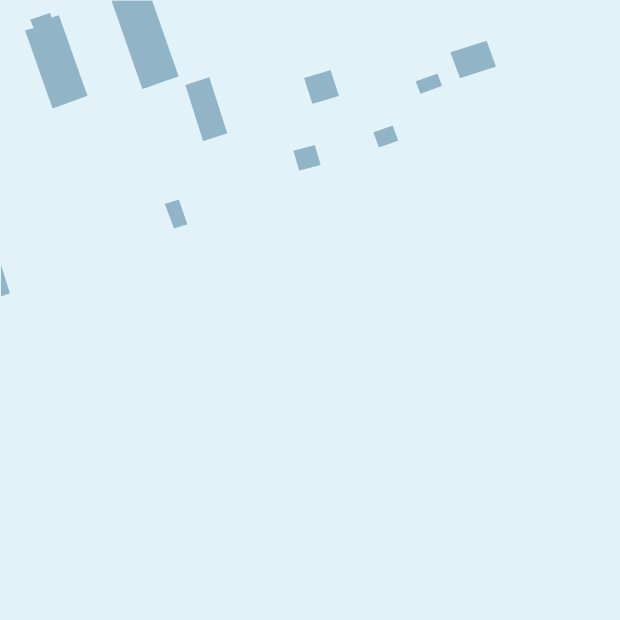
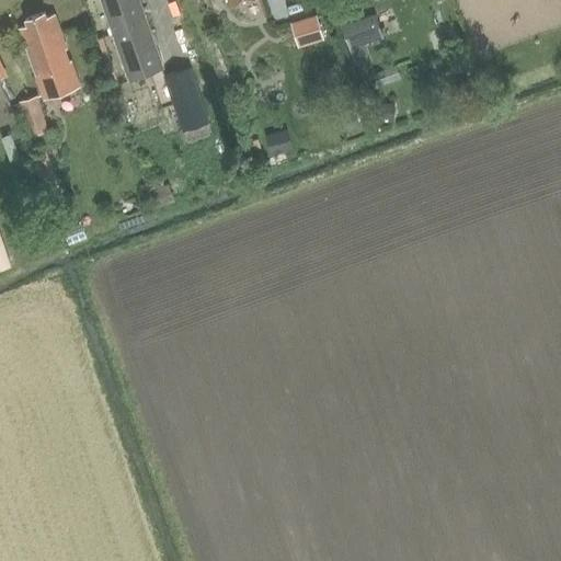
building: [450,40,497,79] -> [341,14,383,49]
building: [303,69,340,105] -> [289,14,322,46]
building: none -> [19,96,48,136]

